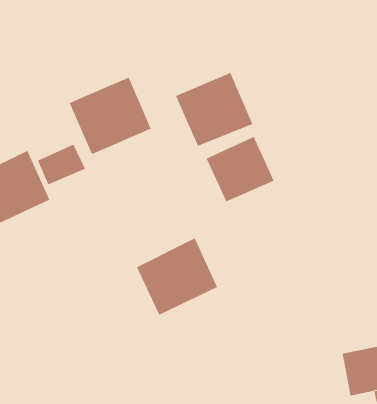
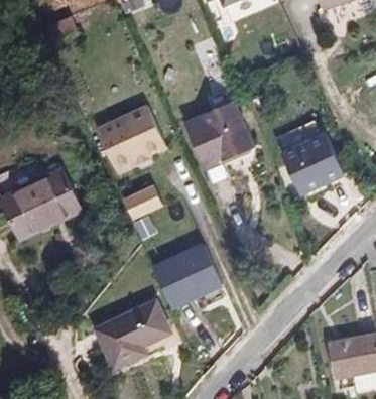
building: [206,136,274,202] -> [284,135,343,191]
building: [37,144,86,185] -> [121,183,162,219]
building: none -> [96,301,169,369]

